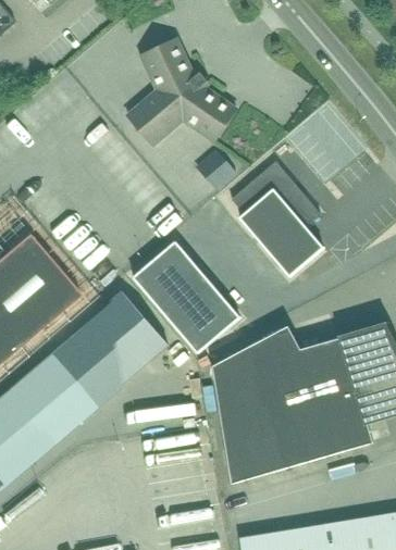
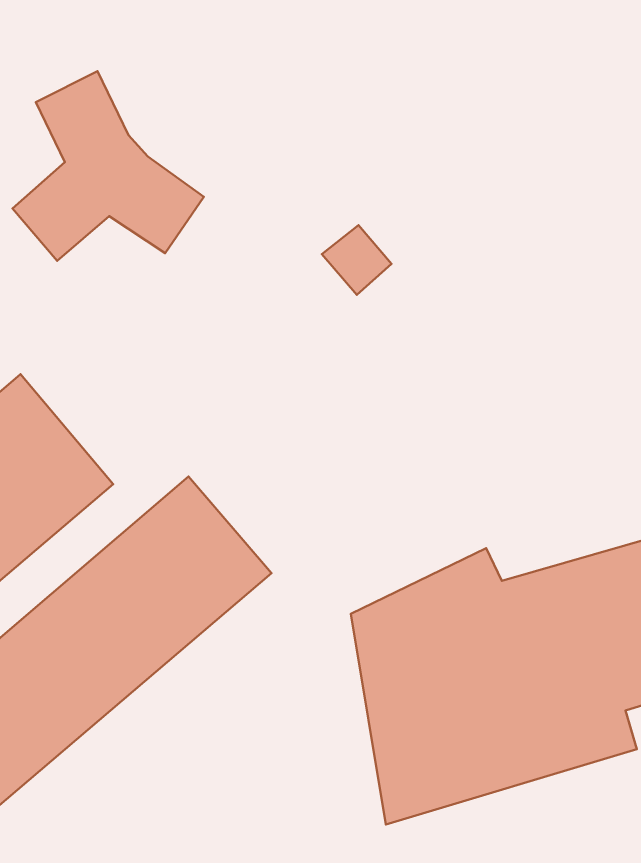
building: [128,39,236,146] -> [13,71,204,261]
building: [232,162,324,277] -> none
building: [133,241,240,353] -> none

